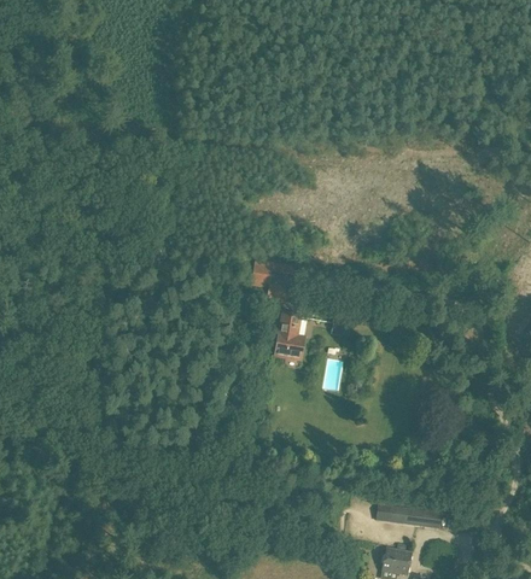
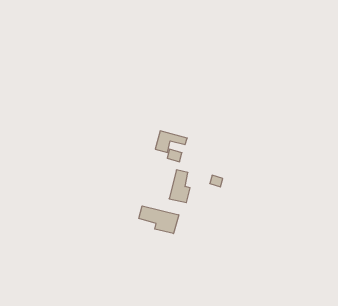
building: none -> [139,206,179,234]

